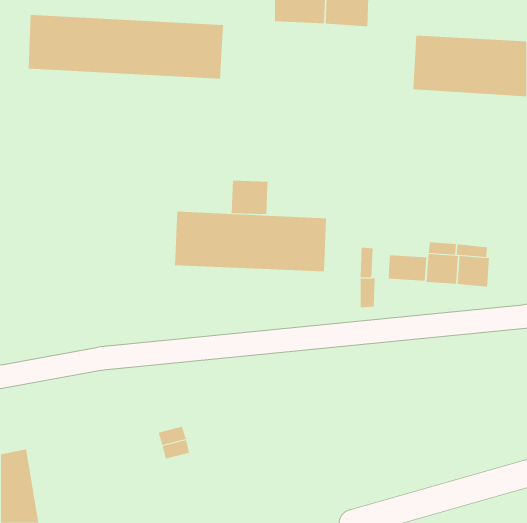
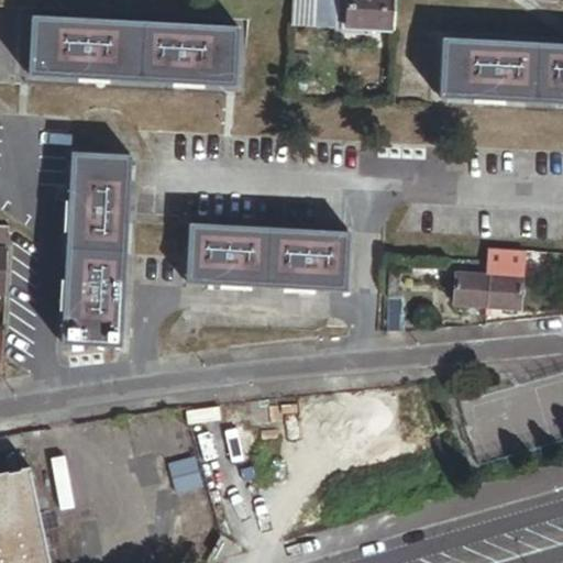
building: none -> [62,153,130,347]
building: [231,180,268,215] -> none
building: [388,255,427,282] -> none

